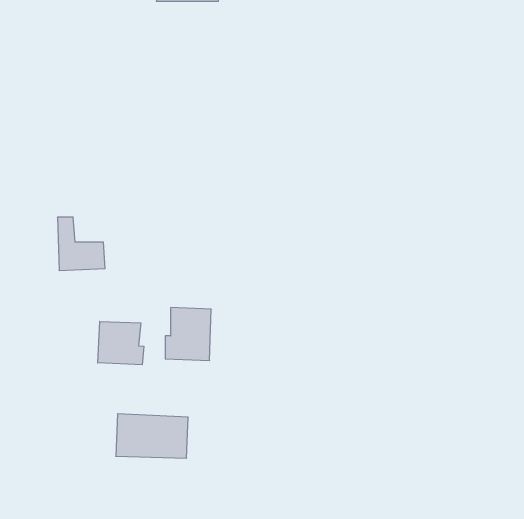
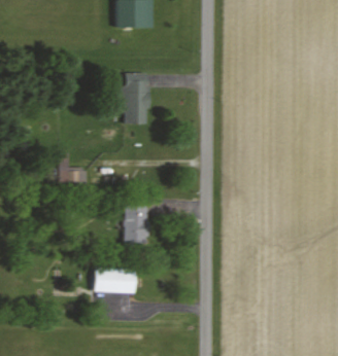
building: none -> [119,74,147,124]
building: [98,321,144,365] -> none

